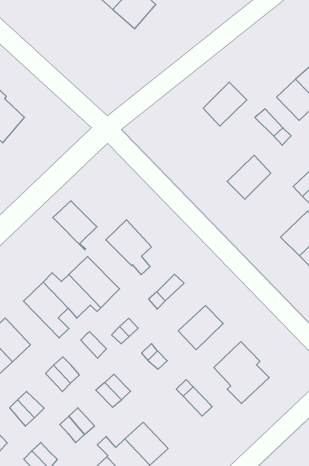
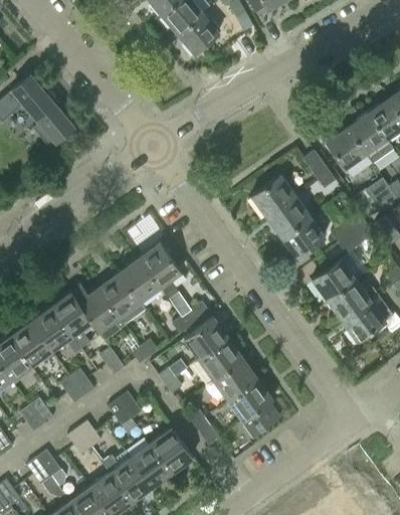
building: [203,82,247,126] -> [251,176,295,218]
building: none -> [280,216,326,261]
building: [53,201,97,250] -> [118,260,160,310]
building: none -> [183,318,227,359]
building: none -> [28,309,78,353]
building: none -> [212,358,257,400]
building: none -> [150,428,193,474]

